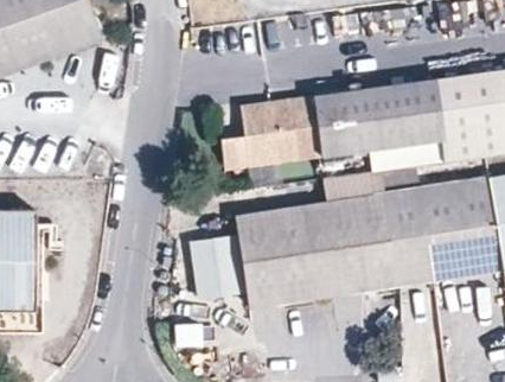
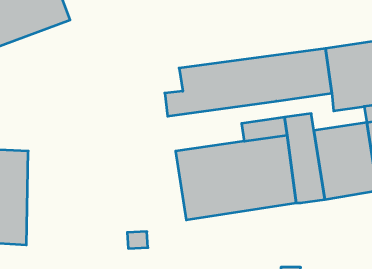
building: [371,138,447,171] -> none
building: [186,235,238,299] -> none

